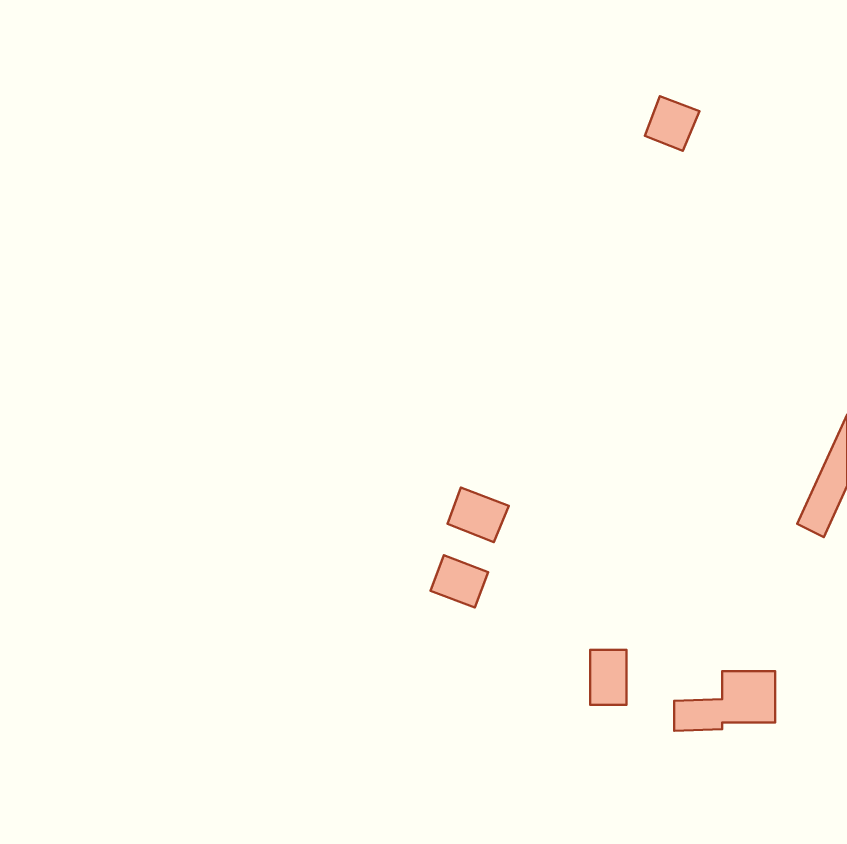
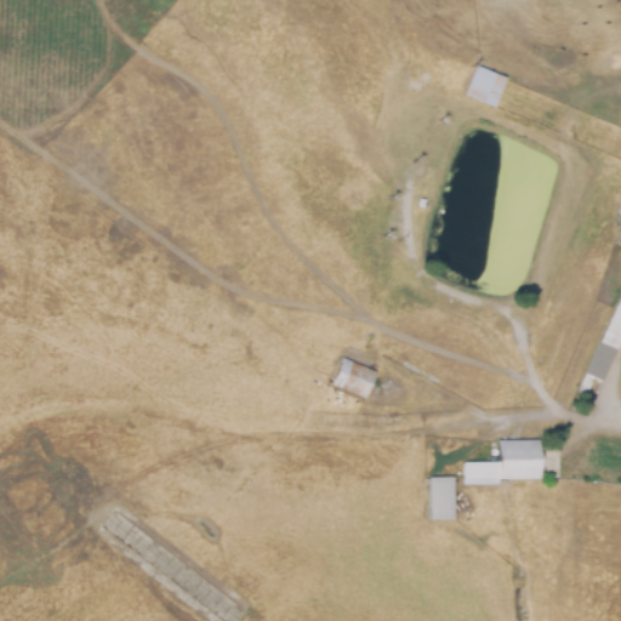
building: [430,555,488,608] -> none
building: [674,671,775,731] -> [466,439,540,483]

